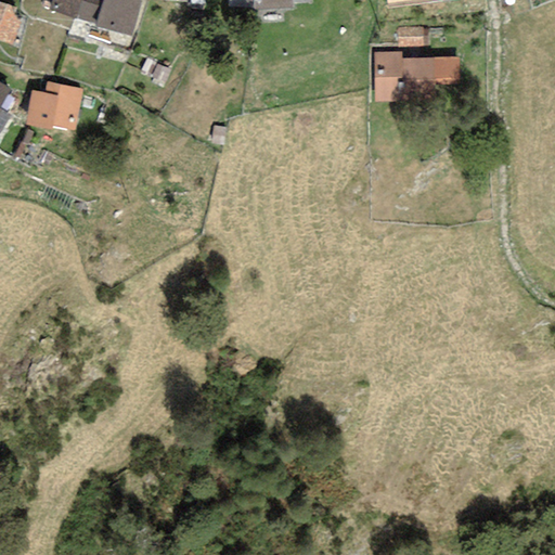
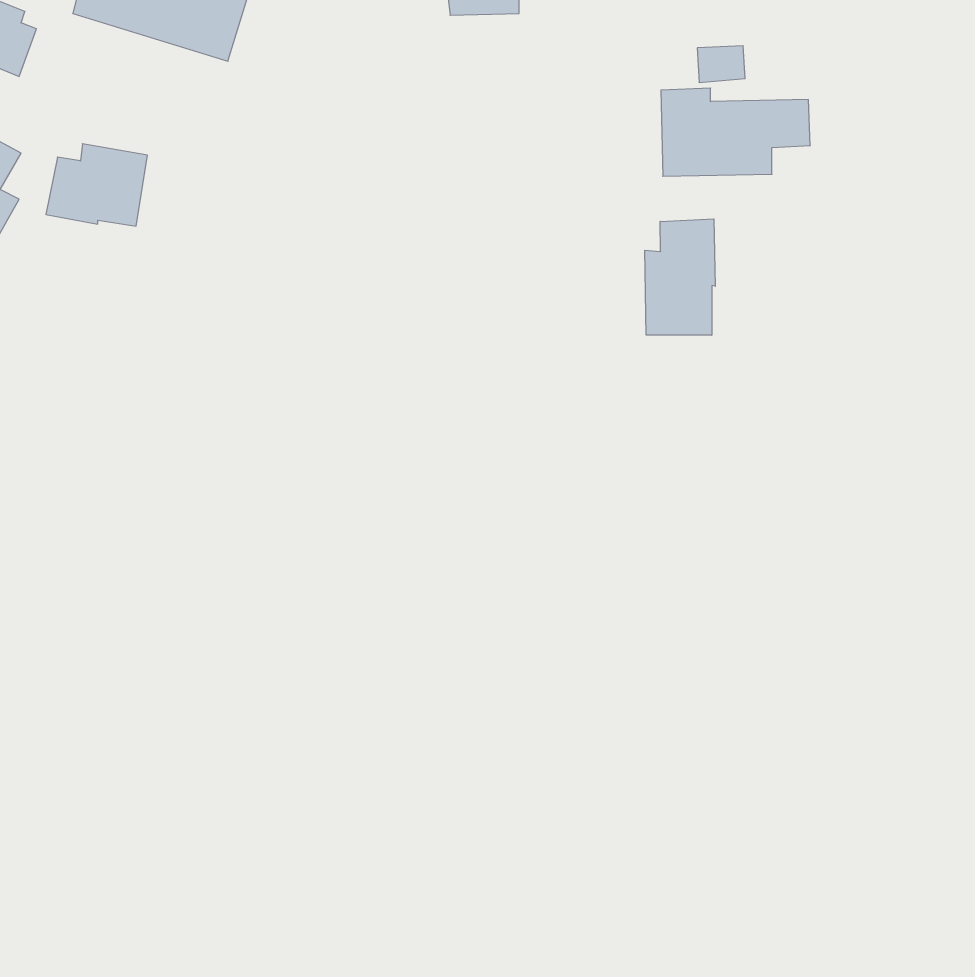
building: none -> [645,219,715,335]

